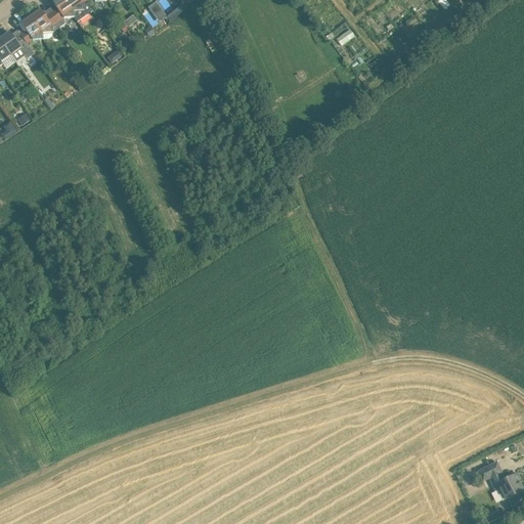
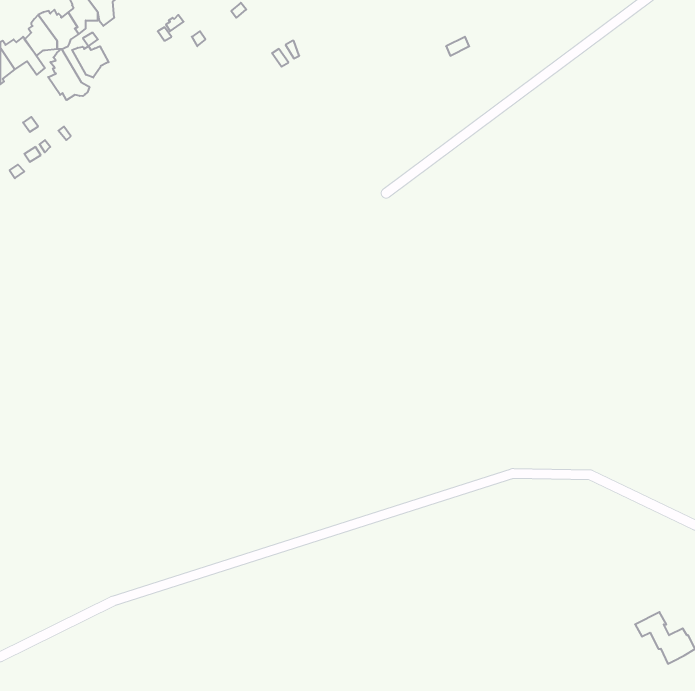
building: none -> [72,46,109,78]
building: none -> [48,49,89,100]

